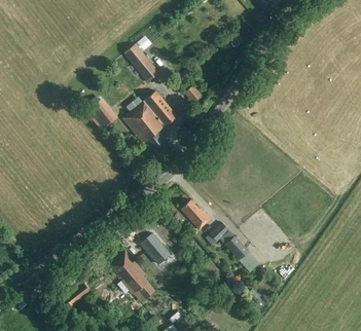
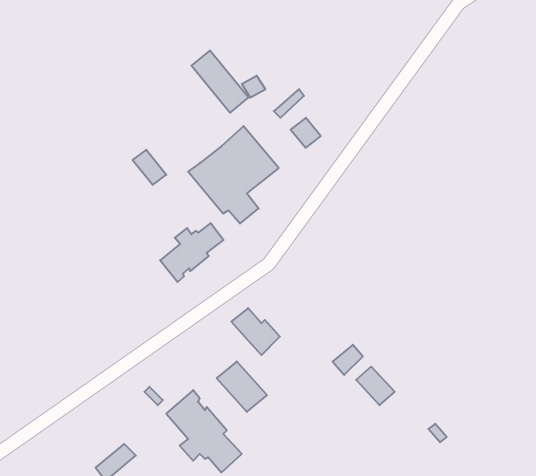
building: none -> [160,223,224,282]
building: [181,200,211,229] -> [231,308,280,355]

